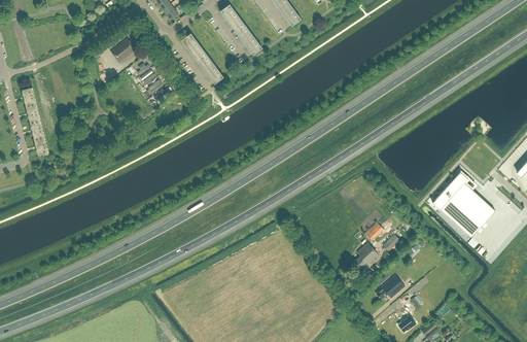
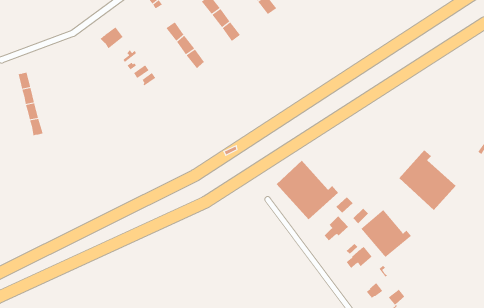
building: none -> [276,160,339,220]
building: none -> [360,209,412,258]

